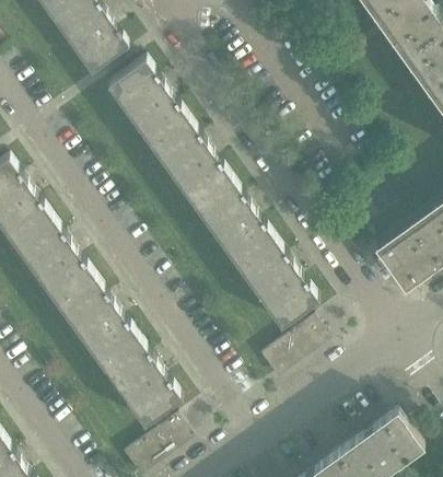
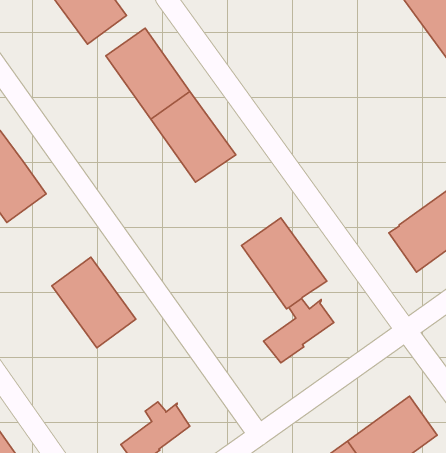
building: [194,182,275,268] -> none
building: [14,219,94,306] -> none
building: [100,338,180,427] -> none

